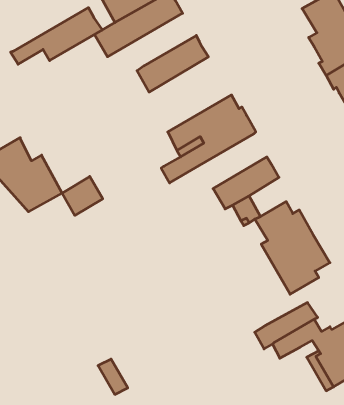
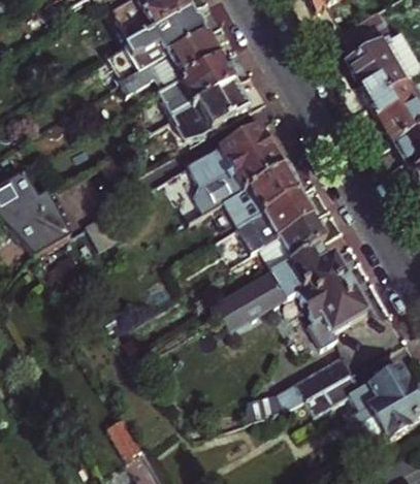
building: [11,8,102,64] -> [121,32,223,95]
building: none -> [170,80,252,136]
building: none -> [226,166,301,227]
building: none -> [282,215,328,258]
building: none -> [213,269,283,327]

